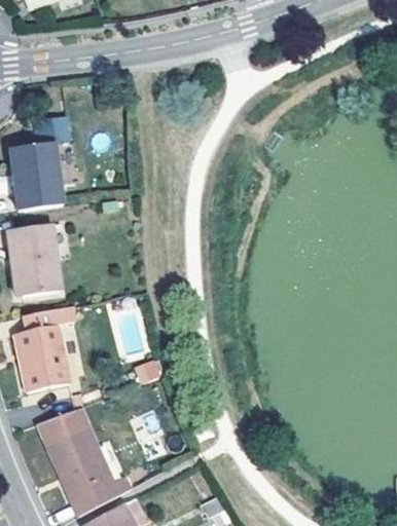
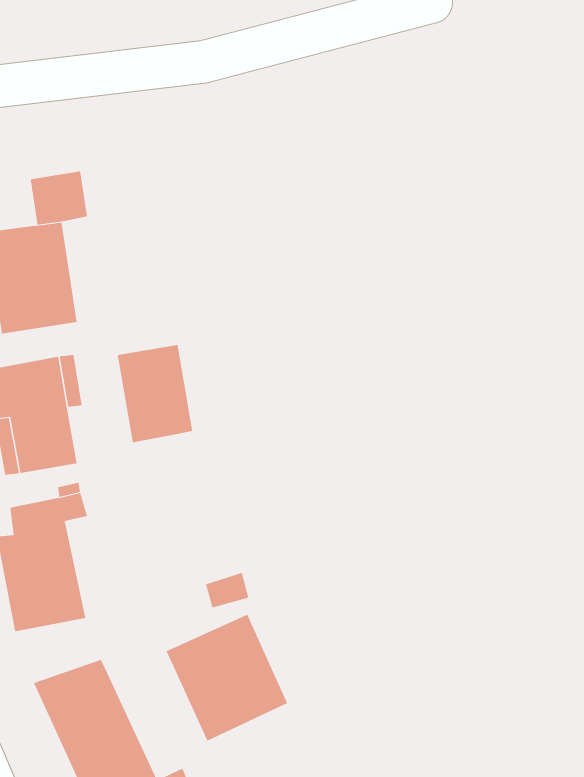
building: none -> [117,344,193,443]
building: none -> [166,614,288,742]

